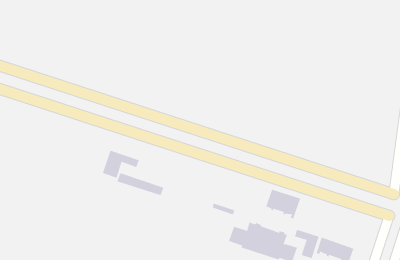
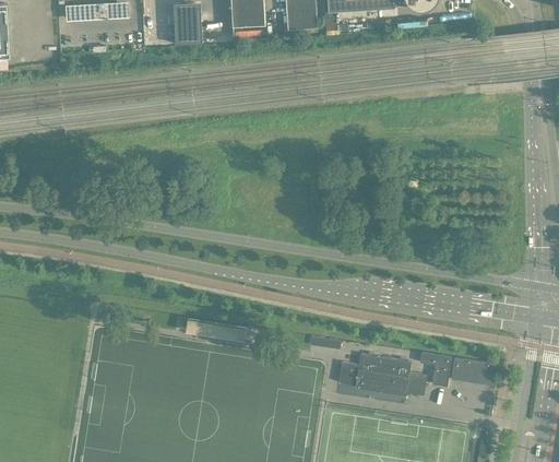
building: [102,150,140,179] -> none
building: [265,189,301,219] -> none

